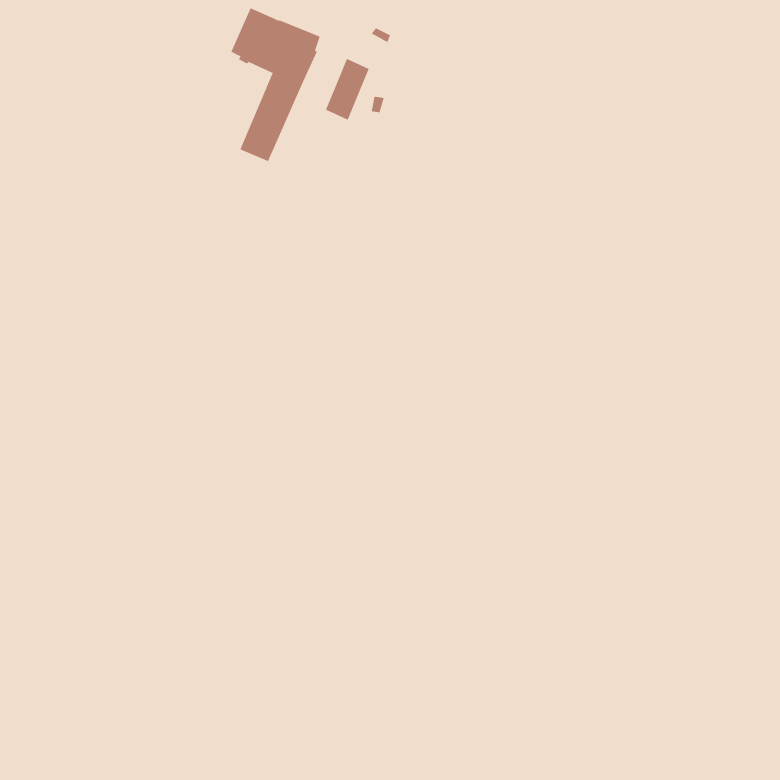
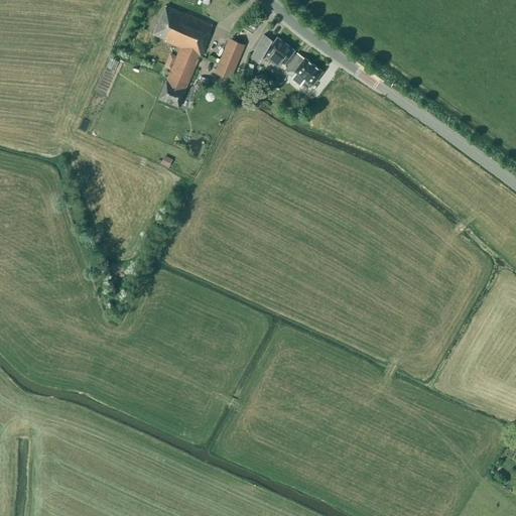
building: none -> [250,35,294,63]
building: none -> [279,53,322,85]

